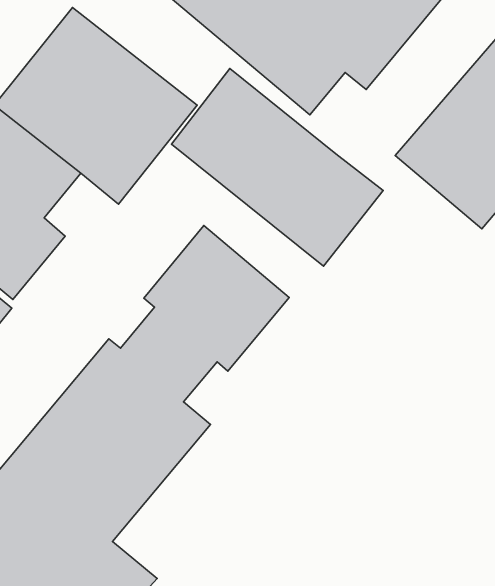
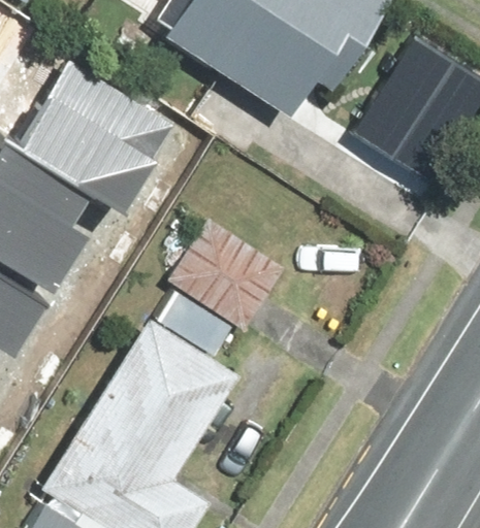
building: [171,69,383,266] -> none

